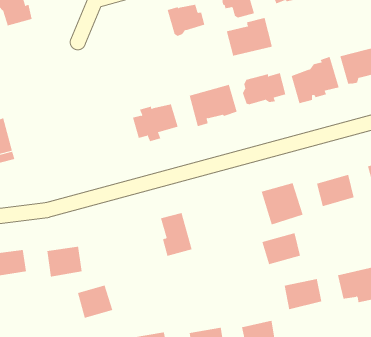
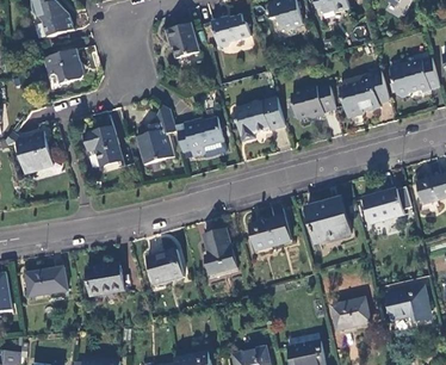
building: none -> [167,24,199,58]
building: [226,17,272,57] -> none
building: none -> [44,49,82,85]
building: none -> [136,105,175,165]
building: none -> [83,126,117,165]
building: [262,233,301,265] -> [250,216,291,249]
building: [77,285,113,318] -> [148,249,185,284]

